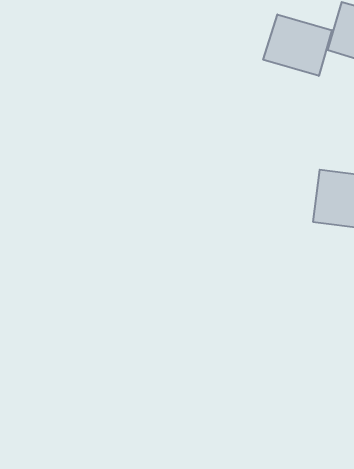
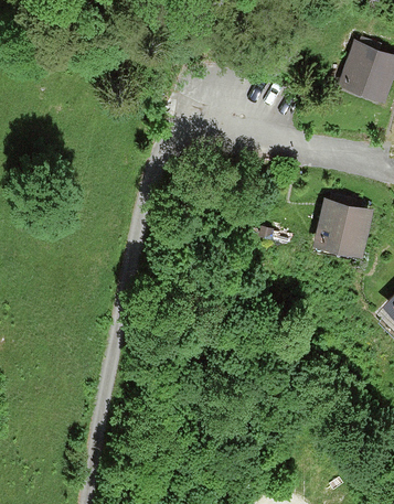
building: [263,14,332,76] -> none

